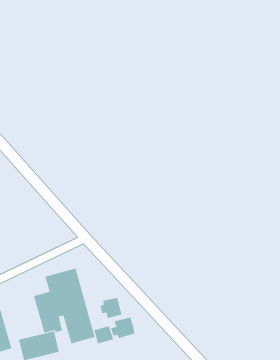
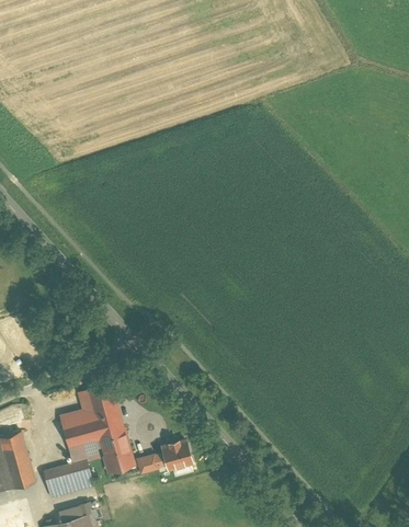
building: [100,297,122,319] -> none

